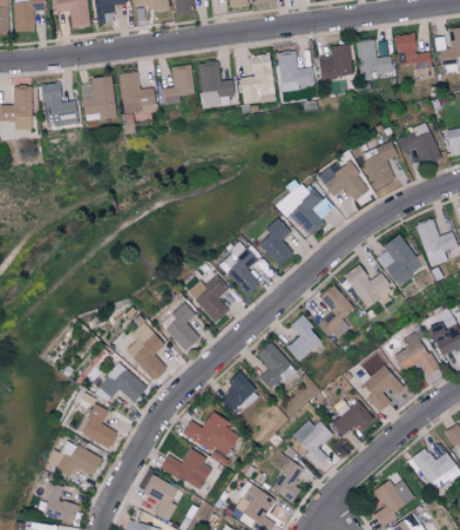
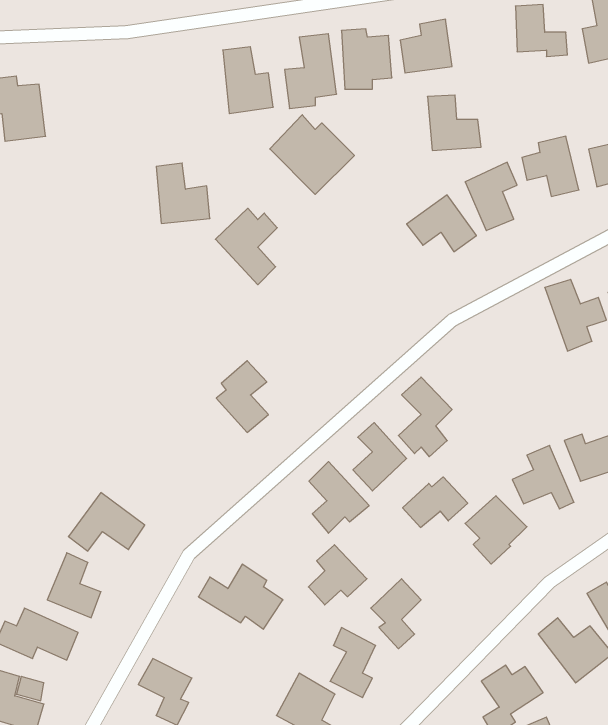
building: [357,41,393,78] -> [427,95,481,150]
building: [162,65,196,105] -> none
building: [120,72,157,113] -> [156,163,210,223]
building: [82,76,117,120] -> none
building: [278,182,335,235] -> [270,115,354,194]
building: [260,217,294,265] -> none
building: [378,233,425,286] -> none
building: [219,242,261,293] -> [215,208,277,285]
building: [344,264,394,309] -> none
building: [161,302,200,350] -> none
building: [126,322,166,380] -> none
building: [221,371,261,412] -> [308,545,367,605]
building: [331,401,375,435] -> [403,477,468,527]
building: [160,448,211,488] -> none

